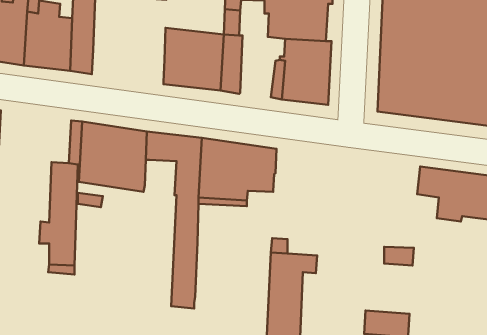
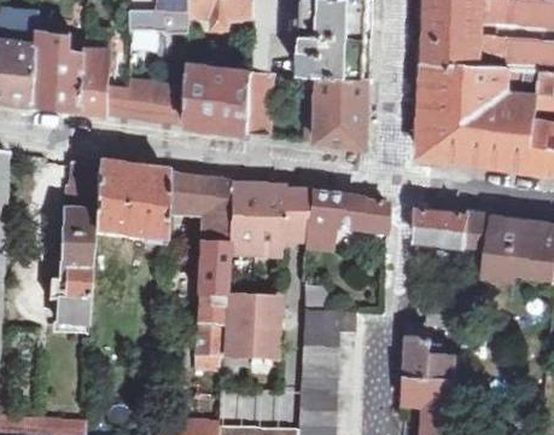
building: none -> [107,87,187,122]
building: none -> [307,196,387,244]
building: none -> [416,208,468,257]
building: none -> [221,298,278,360]
building: none -> [408,336,457,377]

